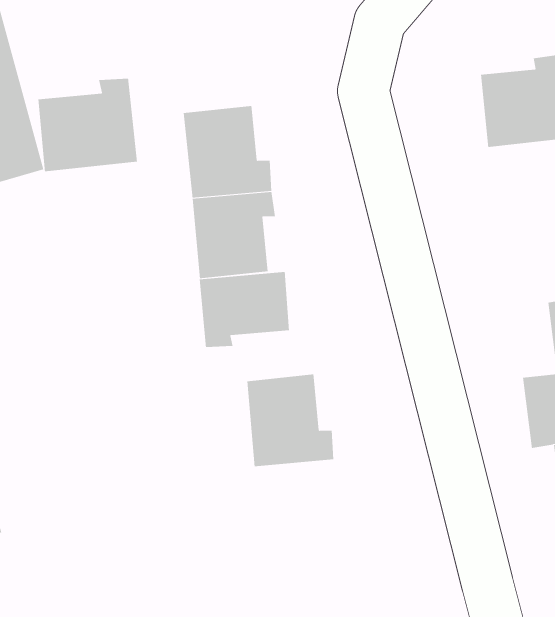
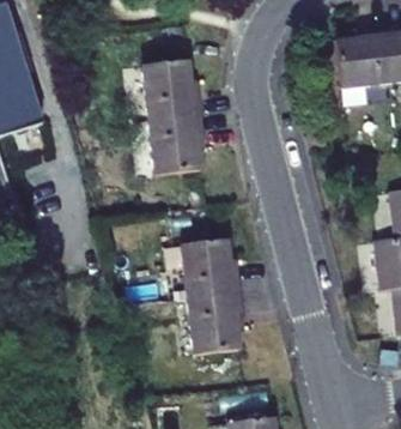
building: [38,78,137,172] -> none
building: [199,271,290,348] -> none
building: none -> [188,302,243,359]

